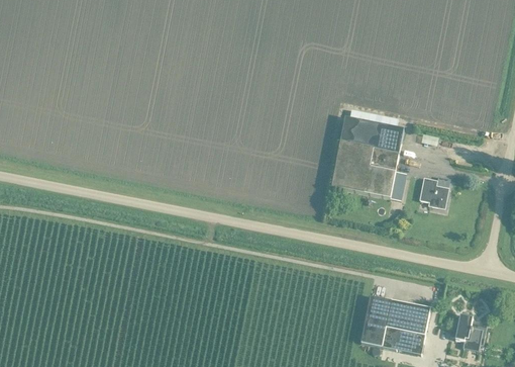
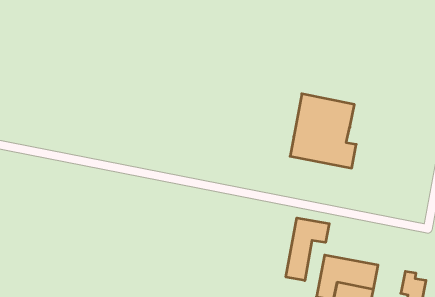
building: [418,177,448,208] -> none
building: none -> [286,218,329,281]

